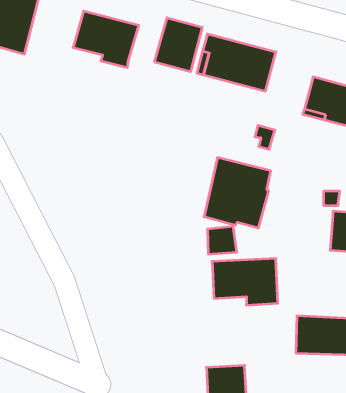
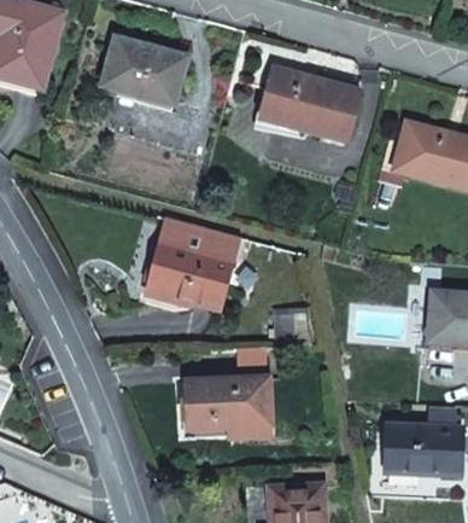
building: [155,18,202,72] -> none
building: [204,158,271,228] -> [148,217,233,307]
building: [212,258,278,305] -> [187,377,270,436]

